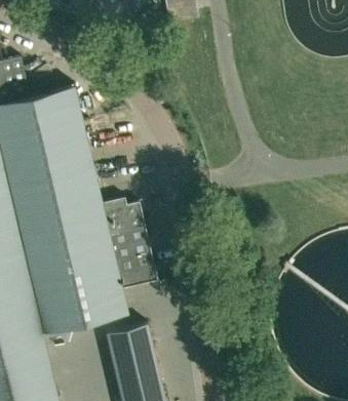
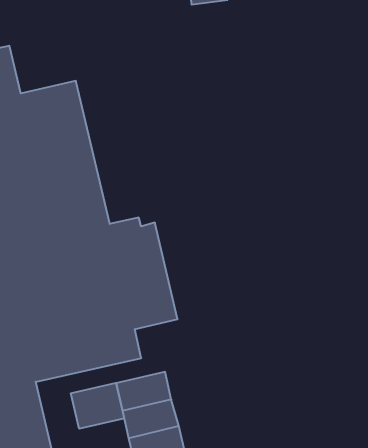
building: none -> [71,383,124,429]

